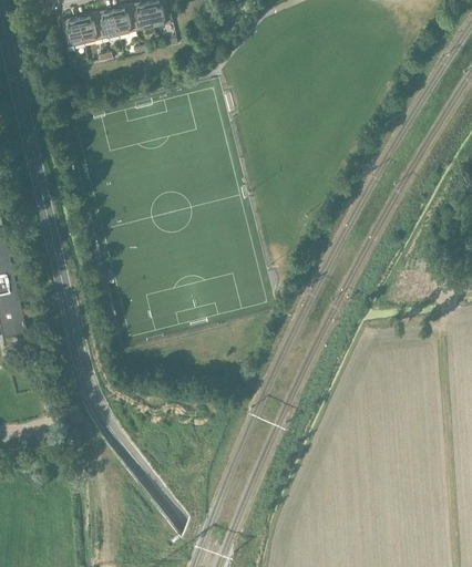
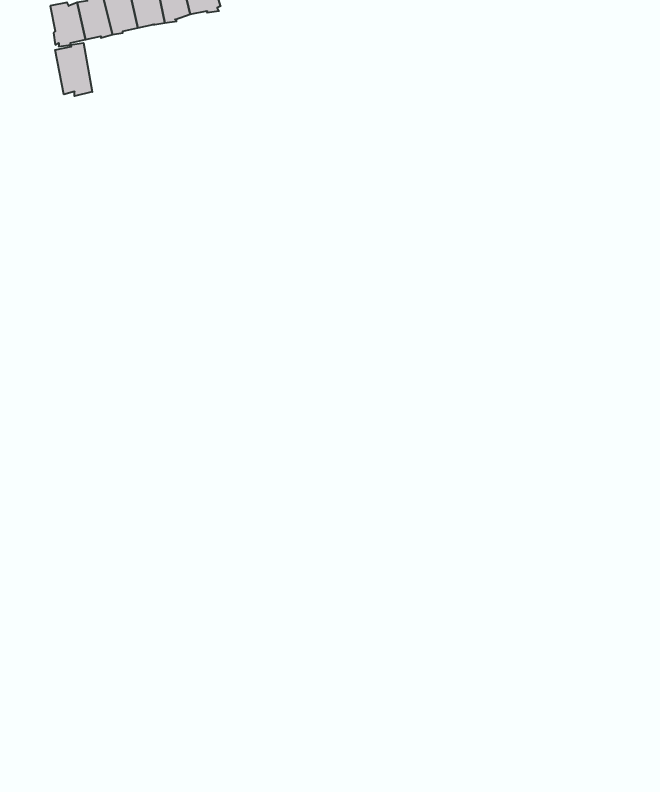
building: none -> [55,43,92,96]

